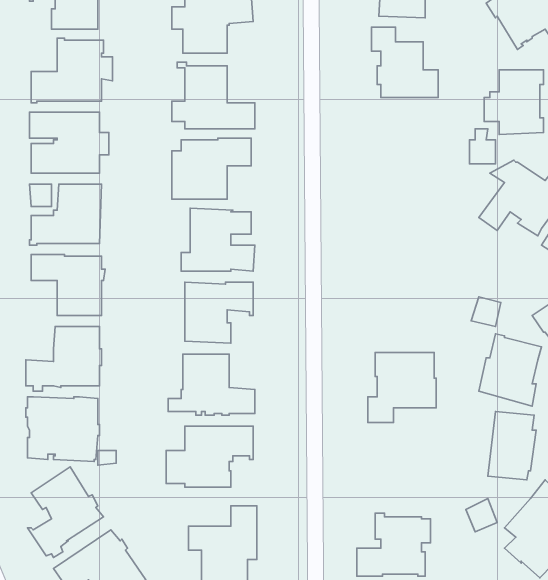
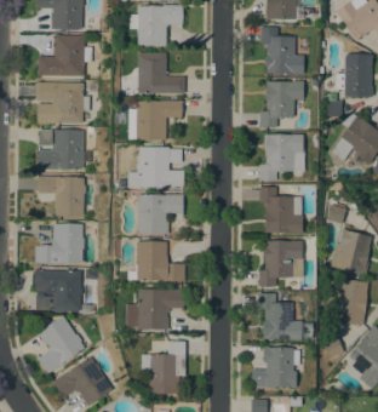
building: none -> [259,80,303,126]
building: none -> [259,133,305,179]
building: none -> [259,187,302,233]
building: none -> [258,292,302,339]

